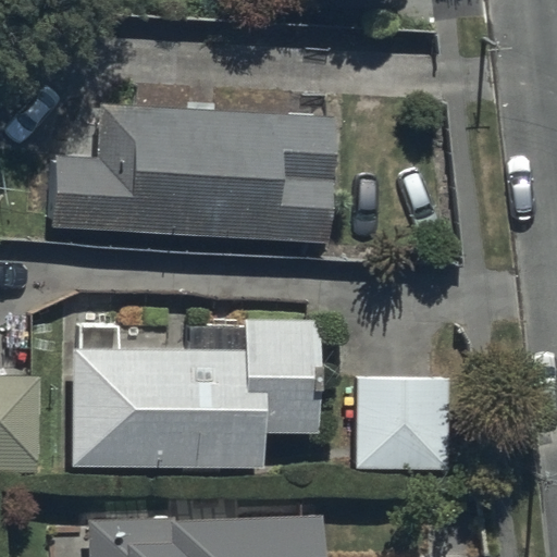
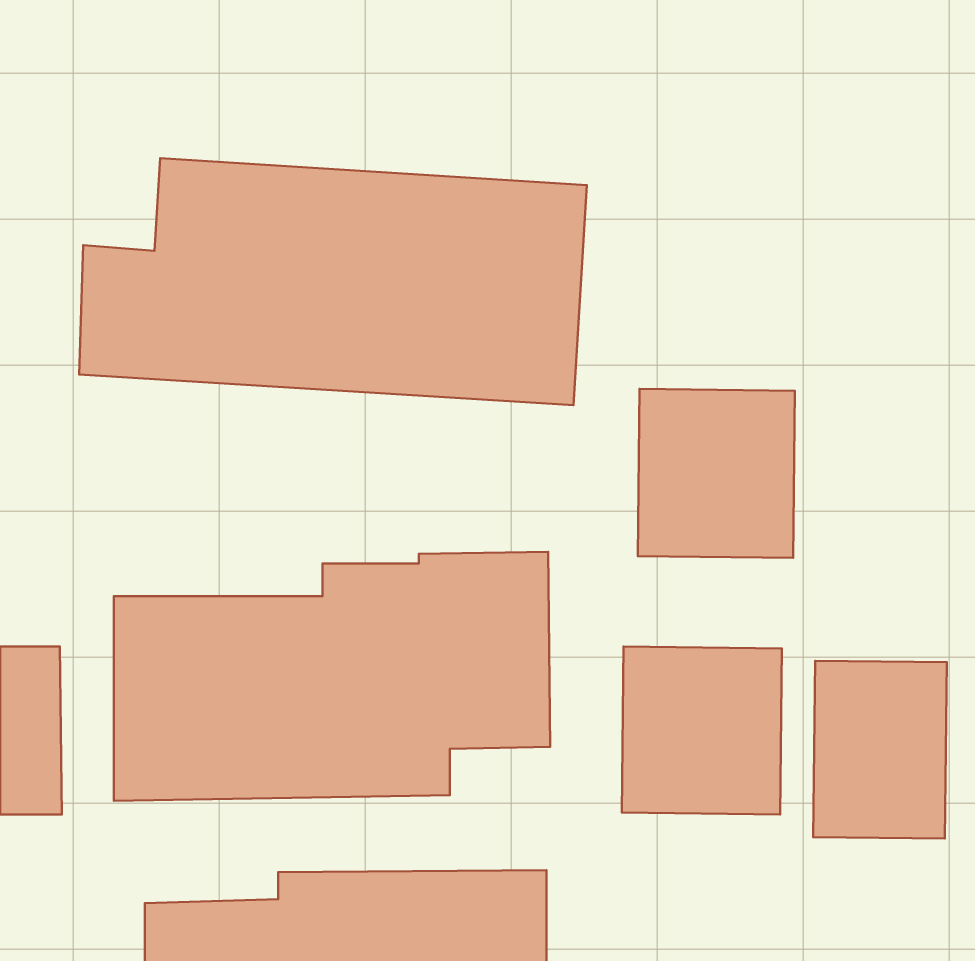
building: none -> [638,389,795,558]
building: none -> [813,661,947,839]

